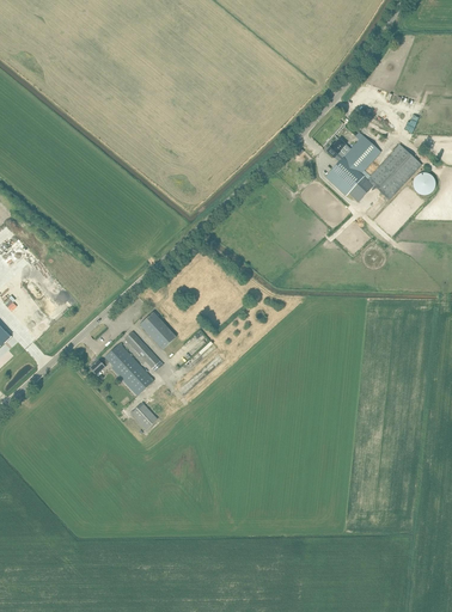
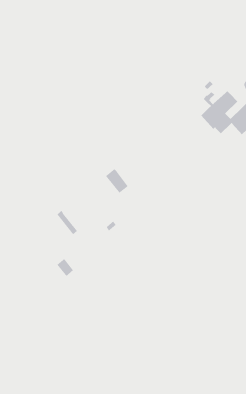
building: [139,312,175,348] -> [105,169,129,193]
building: [88,343,153,393] -> none

